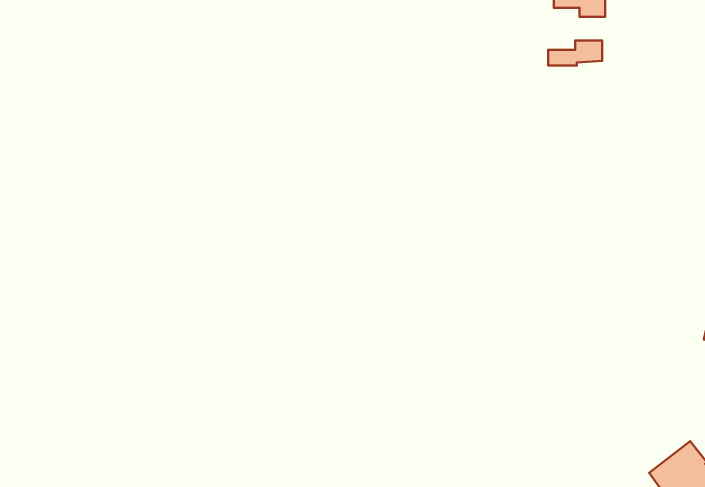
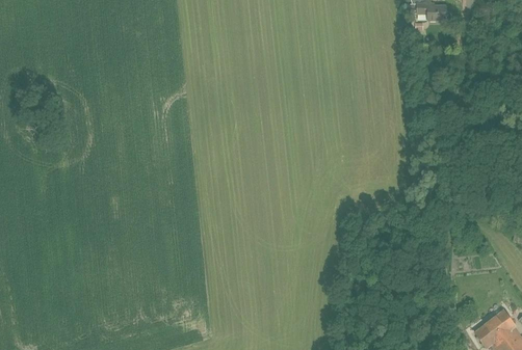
building: [548,41,602,65] -> none

